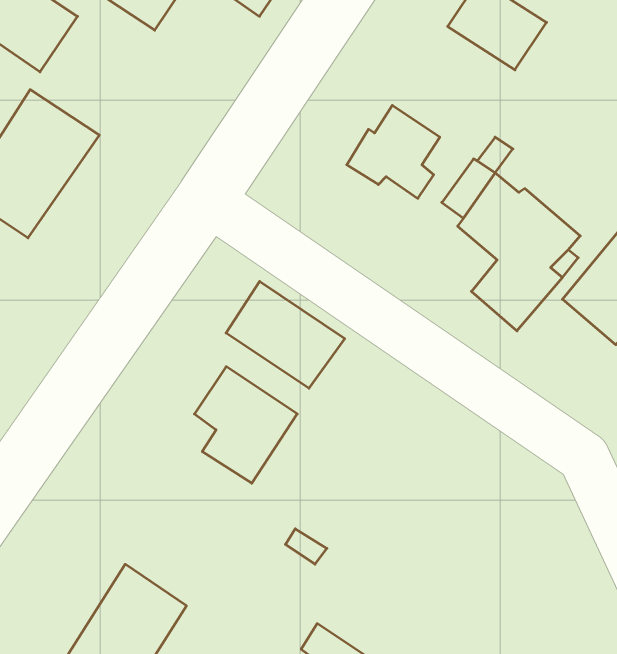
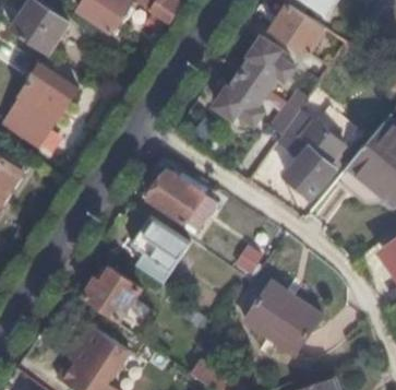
building: none -> [240,38,293,91]
building: none -> [83,268,140,319]
building: none -> [242,281,320,354]

